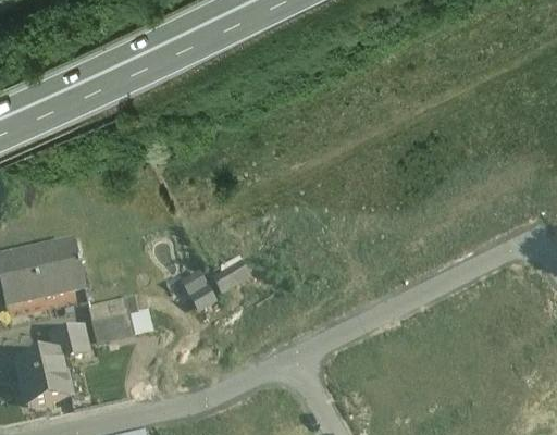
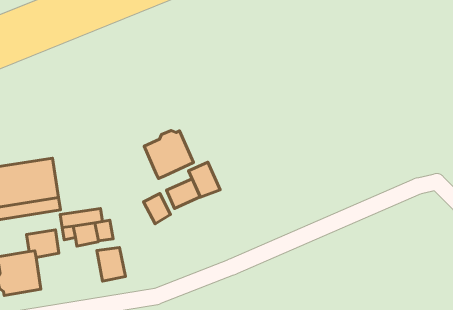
building: none -> [144,131,194,178]
building: none -> [189,162,220,197]
building: none -> [97,247,125,281]

